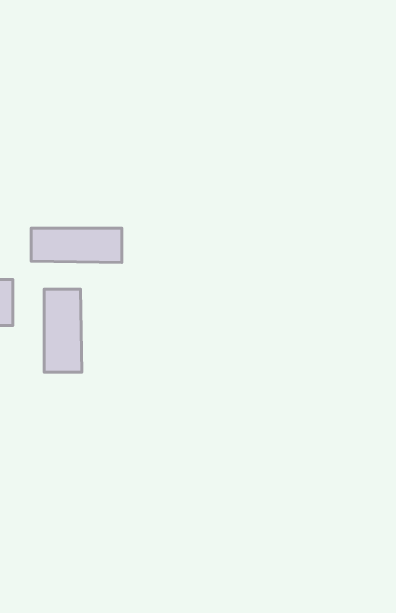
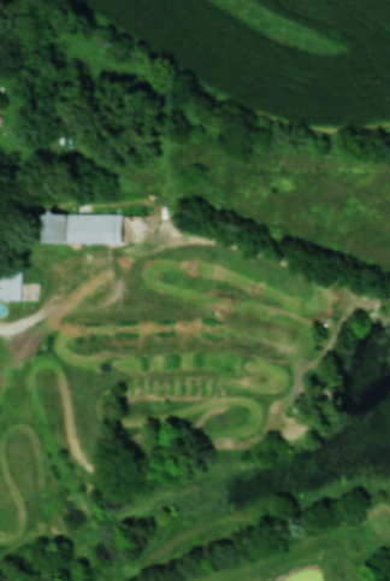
building: [44,289,82,372] -> none

